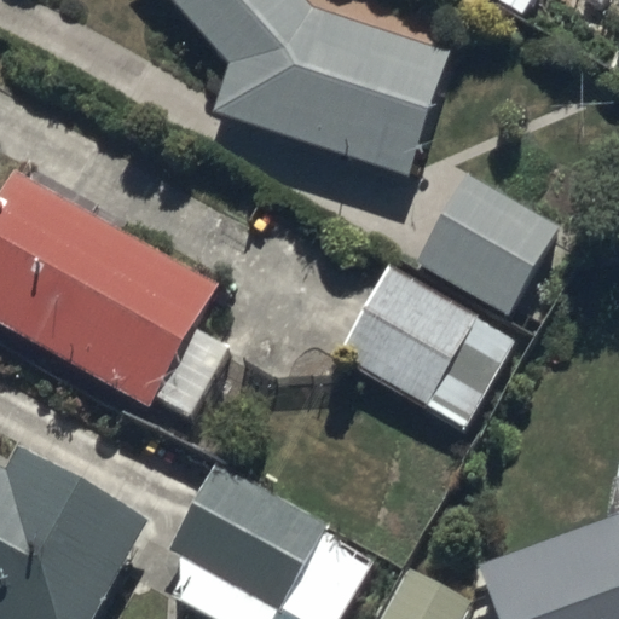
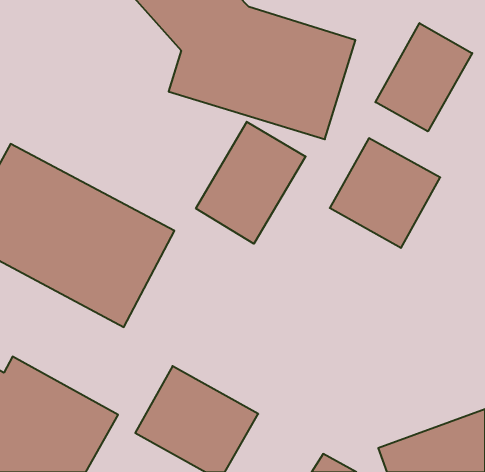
building: none -> [375,23,472,131]
building: none -> [196,122,306,244]
building: [336,267,515,433] -> none

